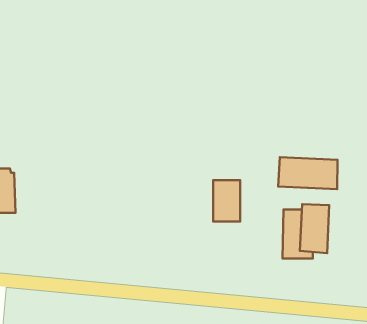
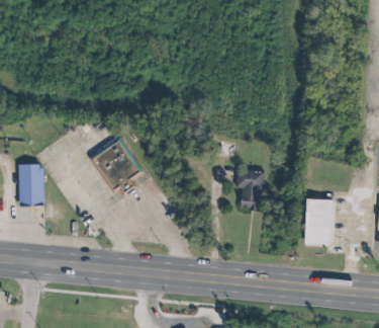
building: none -> [92,138,145,186]
building: [278,157,337,189] -> none

